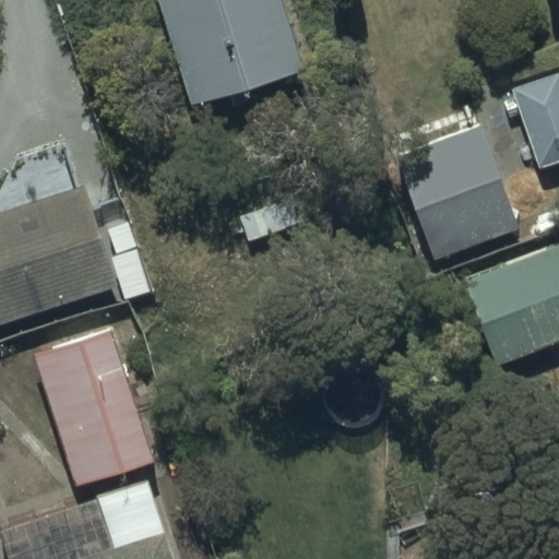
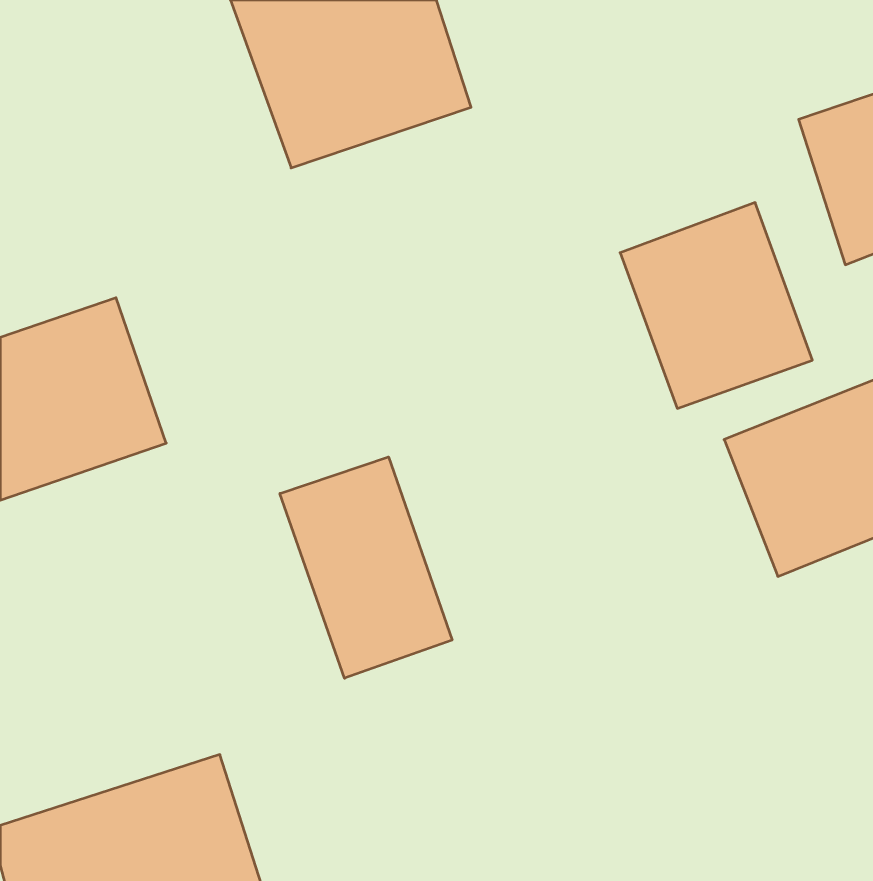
building: none -> [280,457,452,678]
building: [34,329,154,486] -> none

